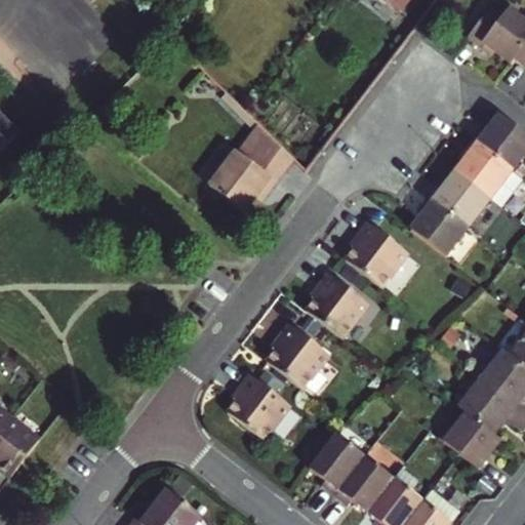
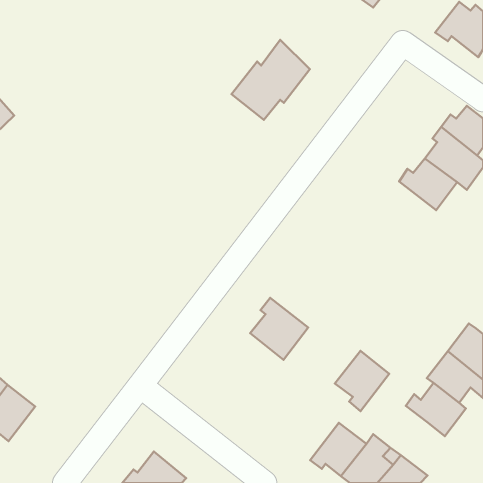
building: [207,128,291,214] -> [231,40,310,120]
building: [411,195,469,254] -> none
building: [347,218,410,286] -> none
building: [308,270,369,337] -> none
building: [226,373,289,441] -> none
building: [306,430,364,494] -> [335,351,389,411]

